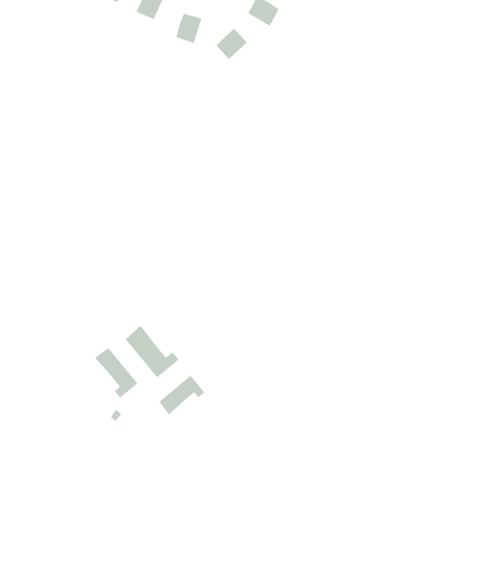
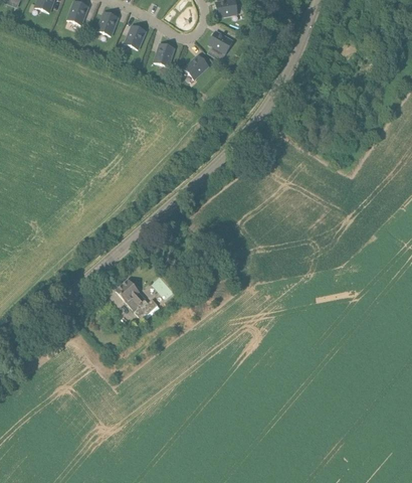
building: [94,347,138,398] -> none
building: [158,375,205,415] -> none

